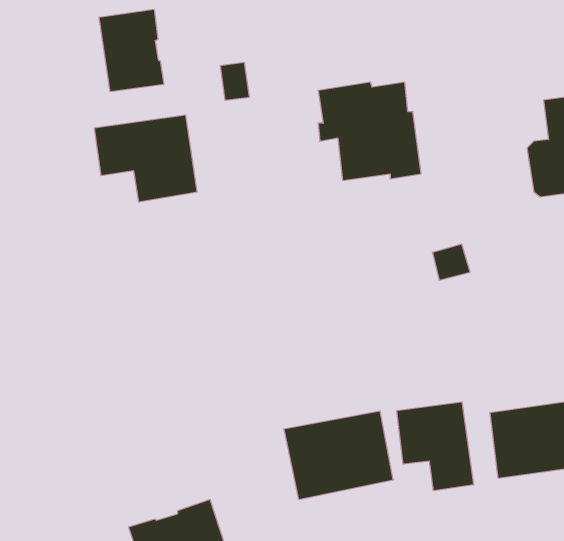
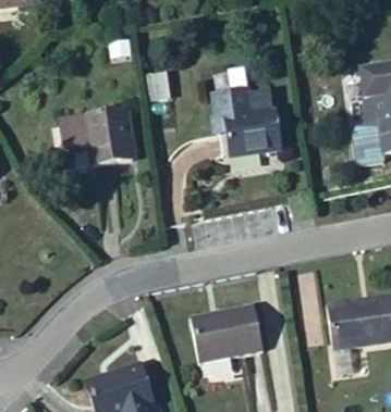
building: [99,9,164,92] -> none
building: [397,402,474,491] -> none

